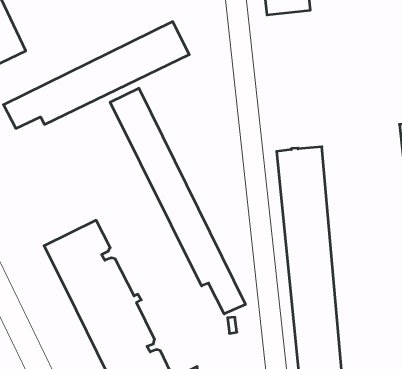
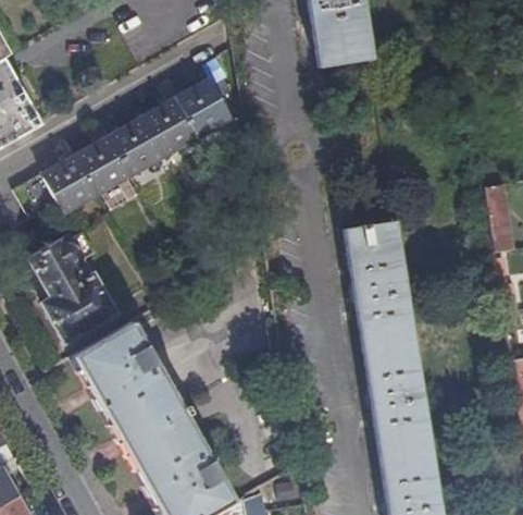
building: [110,88,245,314] -> none
building: none -> [33,232,120,343]

